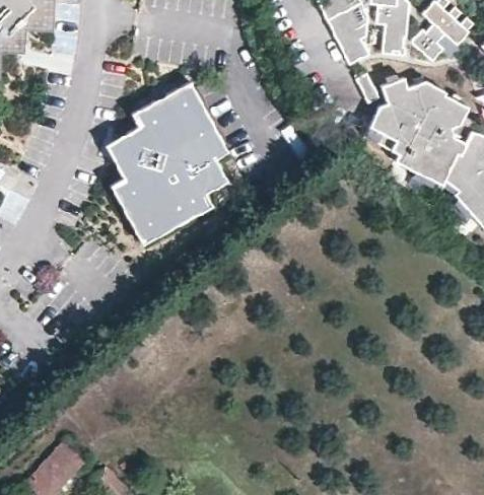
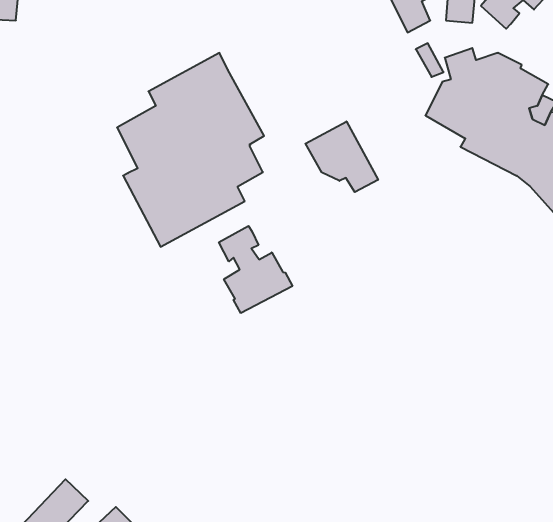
building: none -> [305,121,378,192]
building: none -> [219,226,292,313]

